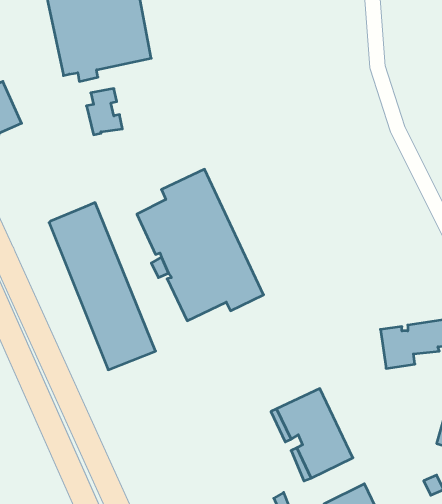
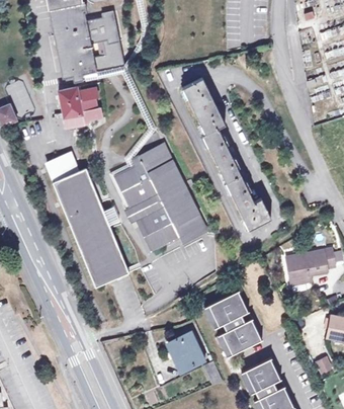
building: none -> [181,75,269,229]
building: none -> [57,86,85,126]
building: none -> [47,151,78,179]
building: none -> [168,329,204,369]

